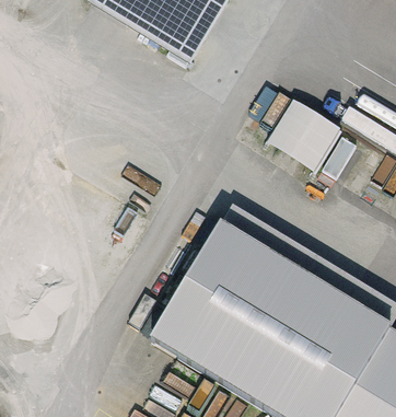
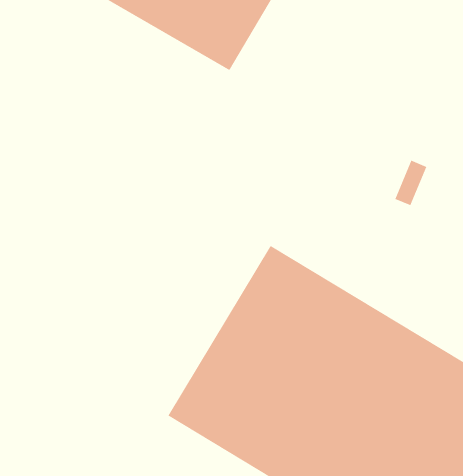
building: [266,92,345,167] -> none

